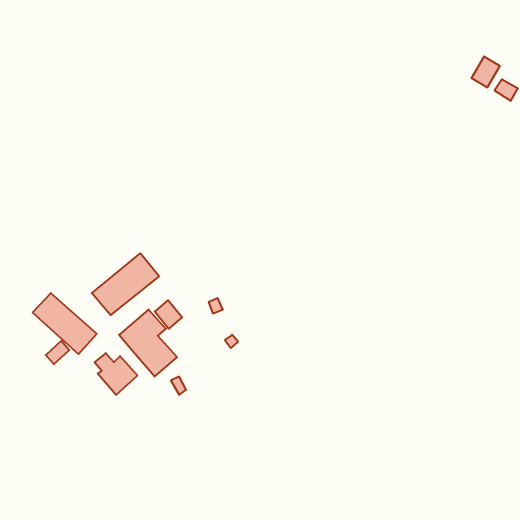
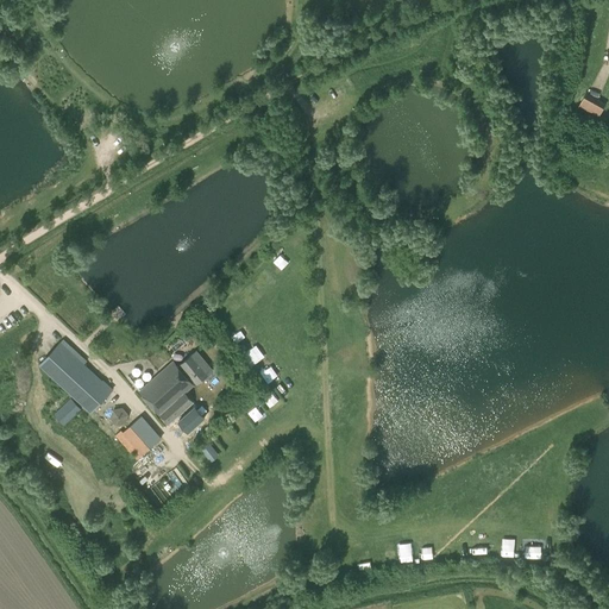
building: [471,56,500,88] -> none
building: [92,253,159,315] -> none

